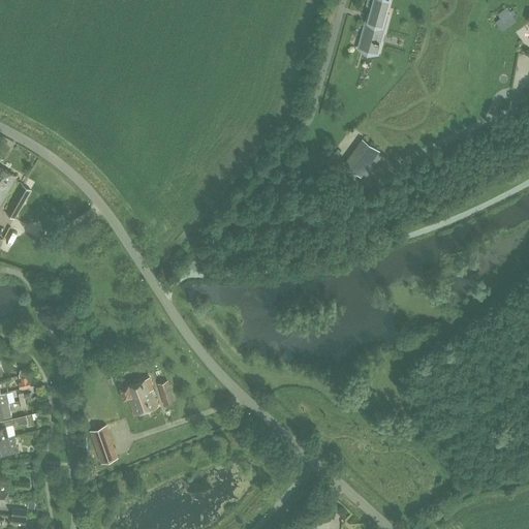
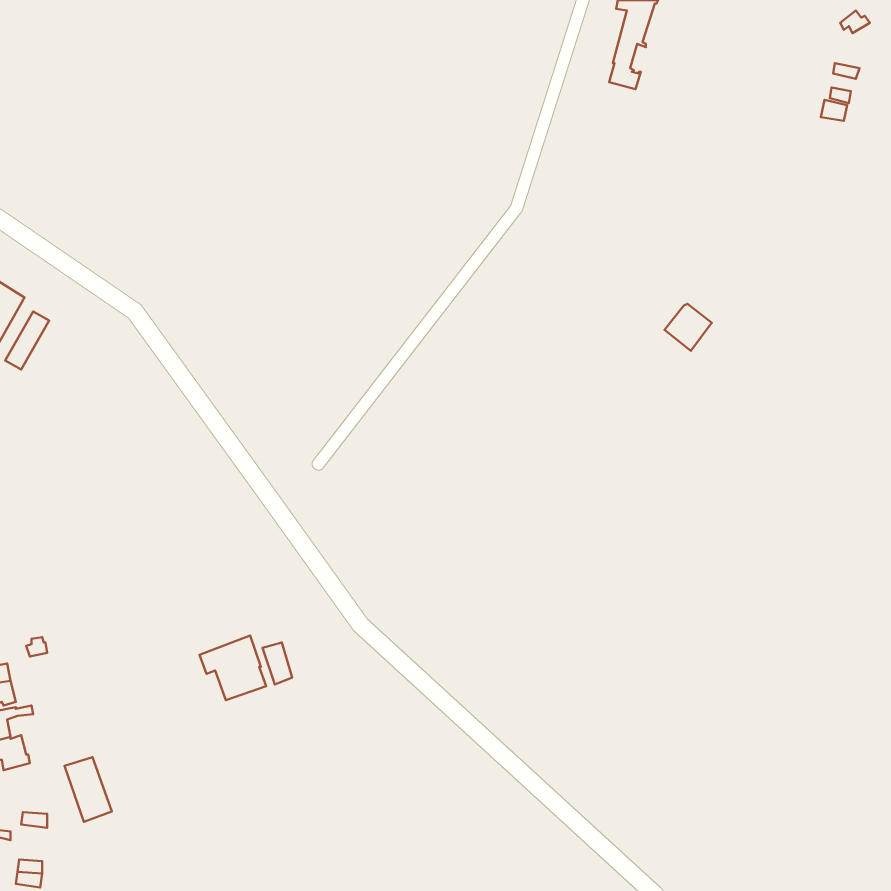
building: [349,142,377,169] -> [665,304,712,351]
building: [88,427,116,465] -> [65,757,112,822]

